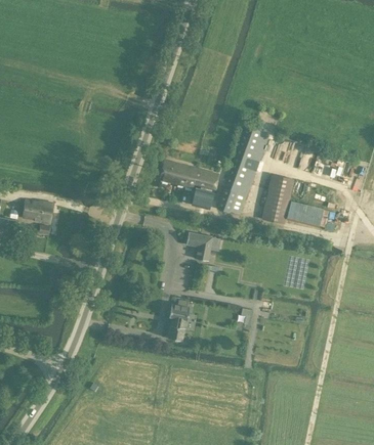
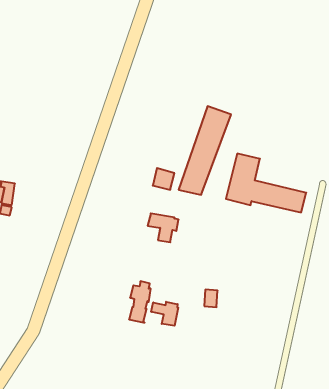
building: [159,160,219,189] -> none
building: none -> [151,302,178,326]

